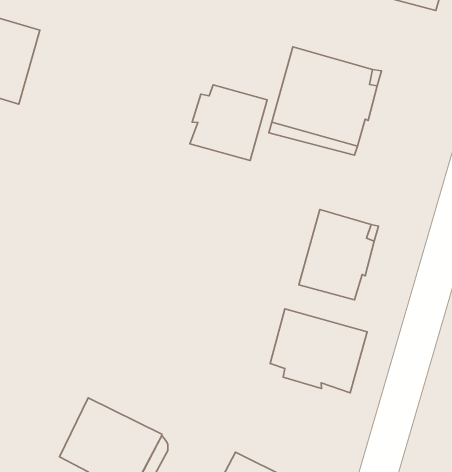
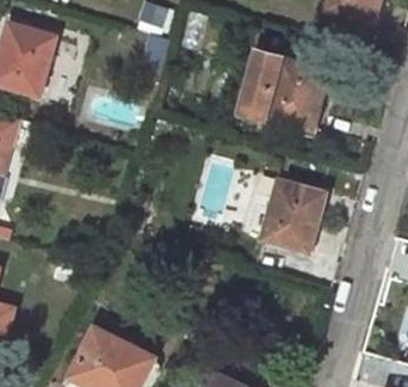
building: [190,85,267,161] -> none
building: [270,309,367,393] -> none

